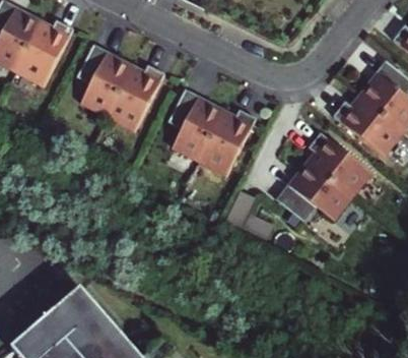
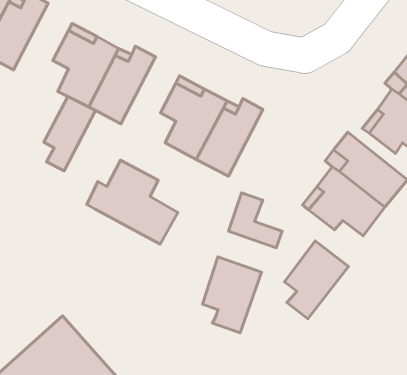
building: none -> [44,97,95,171]
building: none -> [87,160,178,244]
building: none -> [285,241,348,319]
building: none -> [202,257,261,333]

